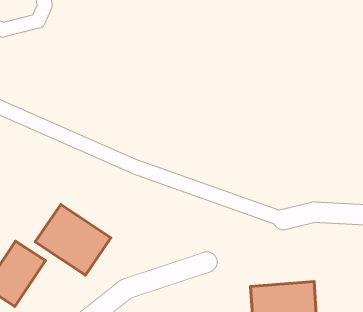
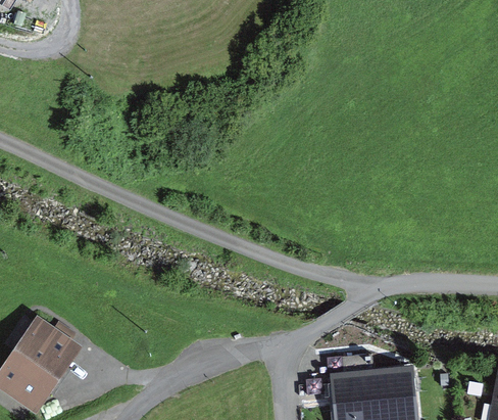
building: [35,205,111,275] -> none

